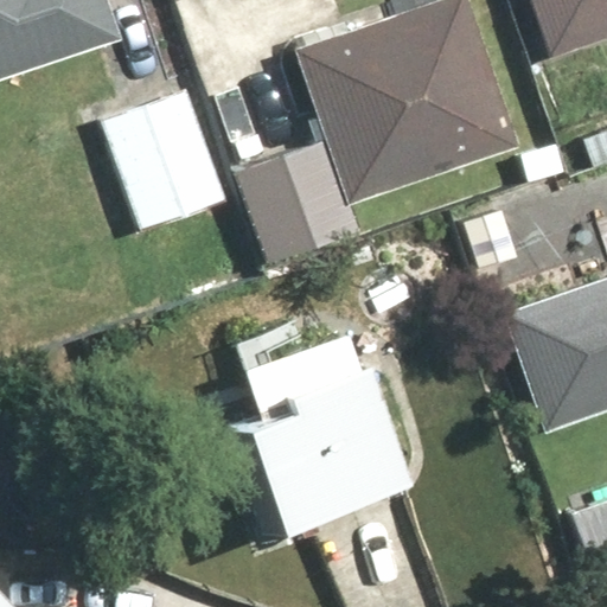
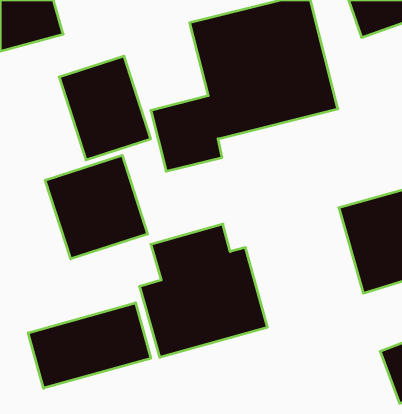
building: none -> [45,155,148,259]
building: none -> [28,303,151,388]

